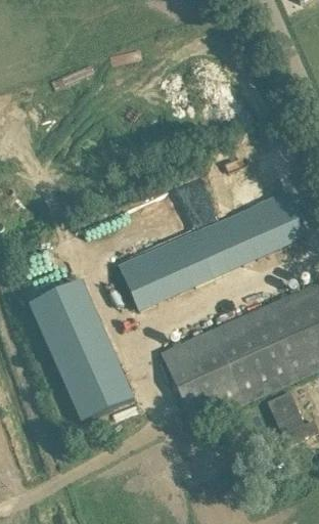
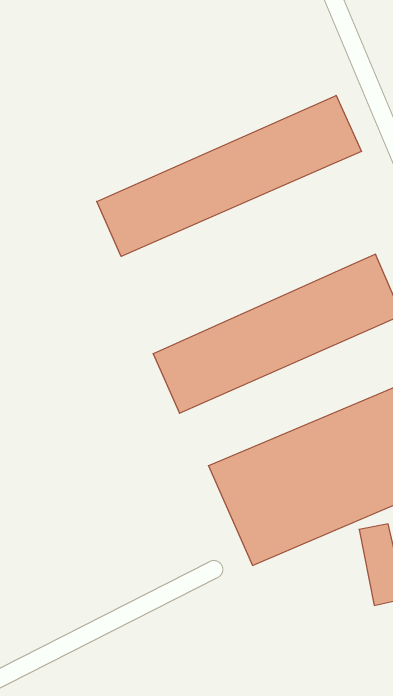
building: none -> [97,95,361,256]
building: [32,278,134,417] -> none

